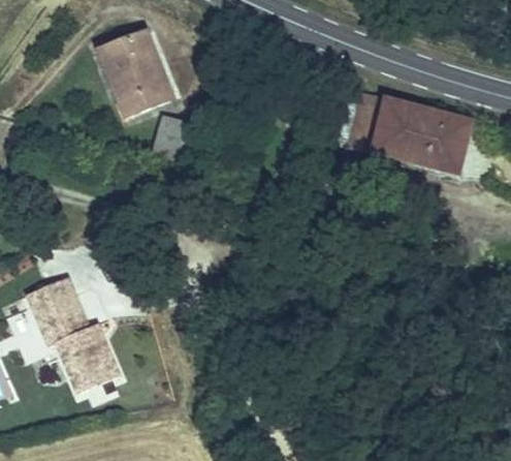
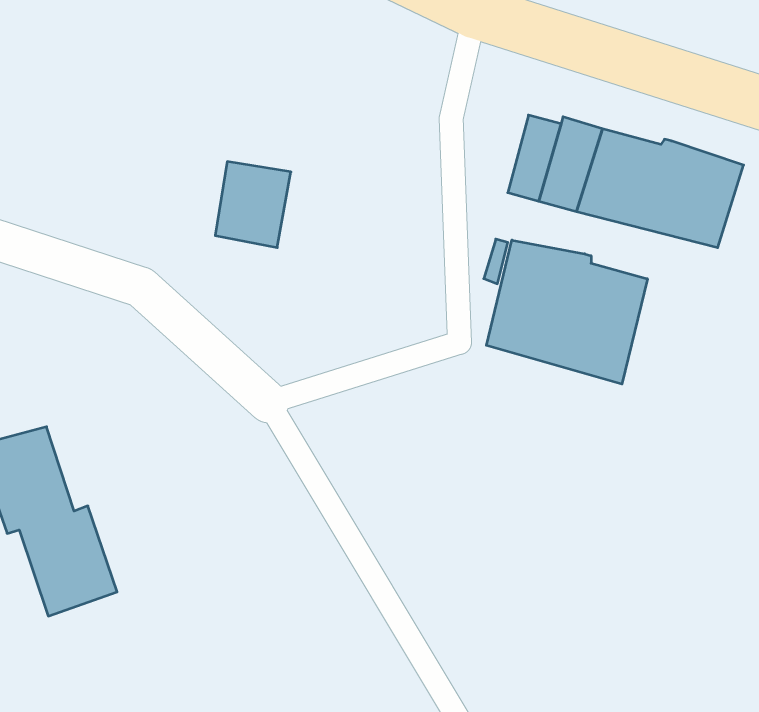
building: [98,37,172,129] -> none
building: none -> [486,240,647,384]

